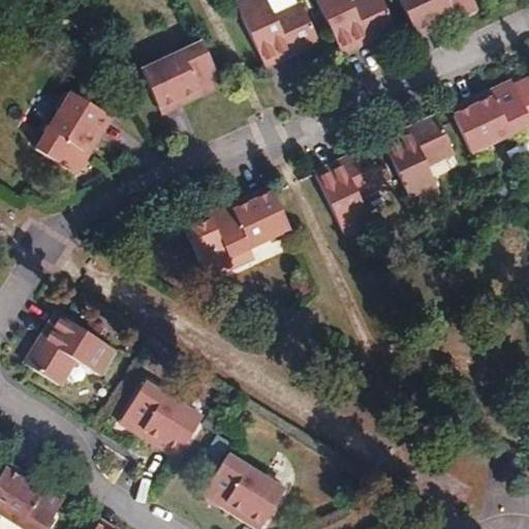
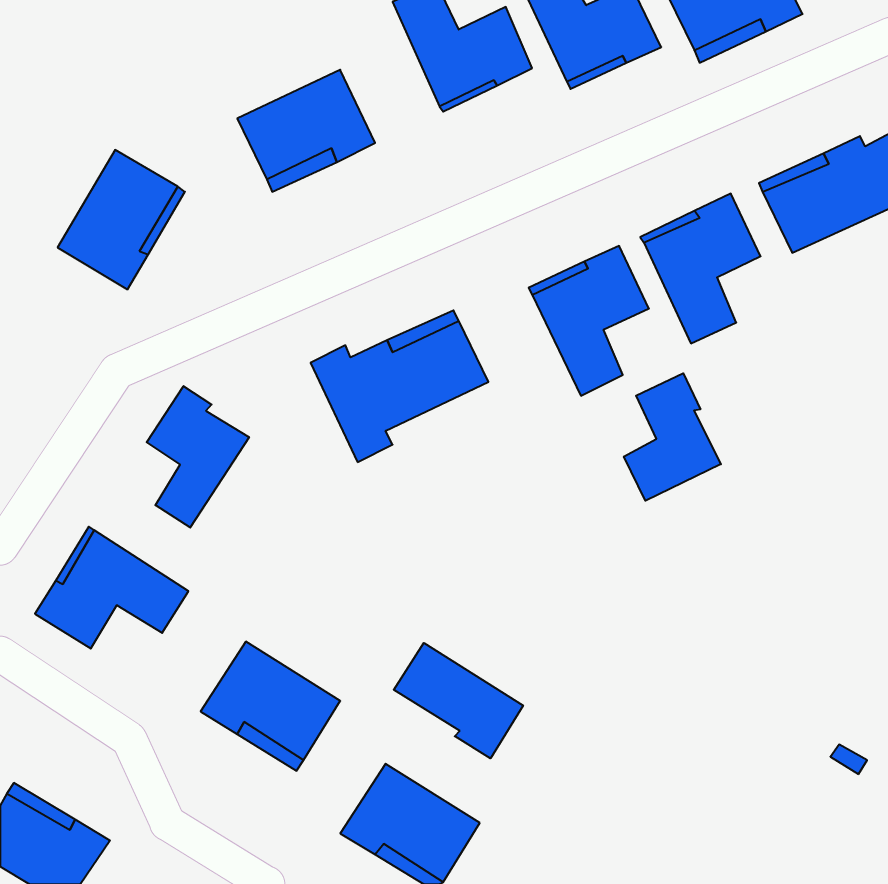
building: none -> [624,373,721,501]
building: none -> [147,386,249,528]
building: none -> [394,643,523,758]

